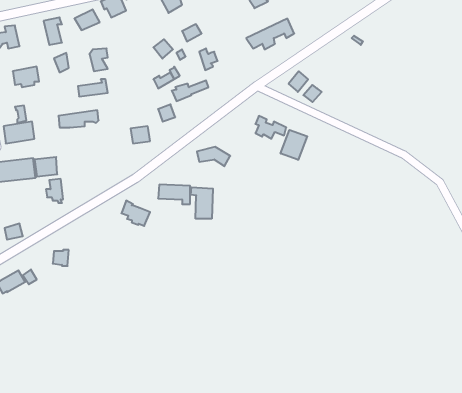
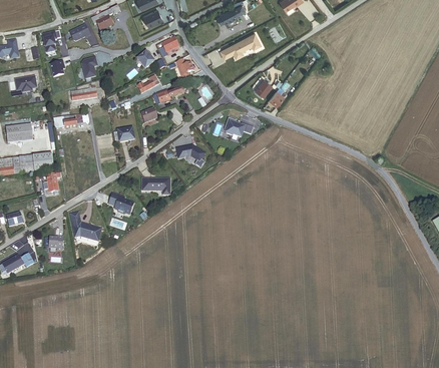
building: [281,130,307,160] -> none
building: [191,187,213,219] -> none
building: none -> [70,213,102,241]

